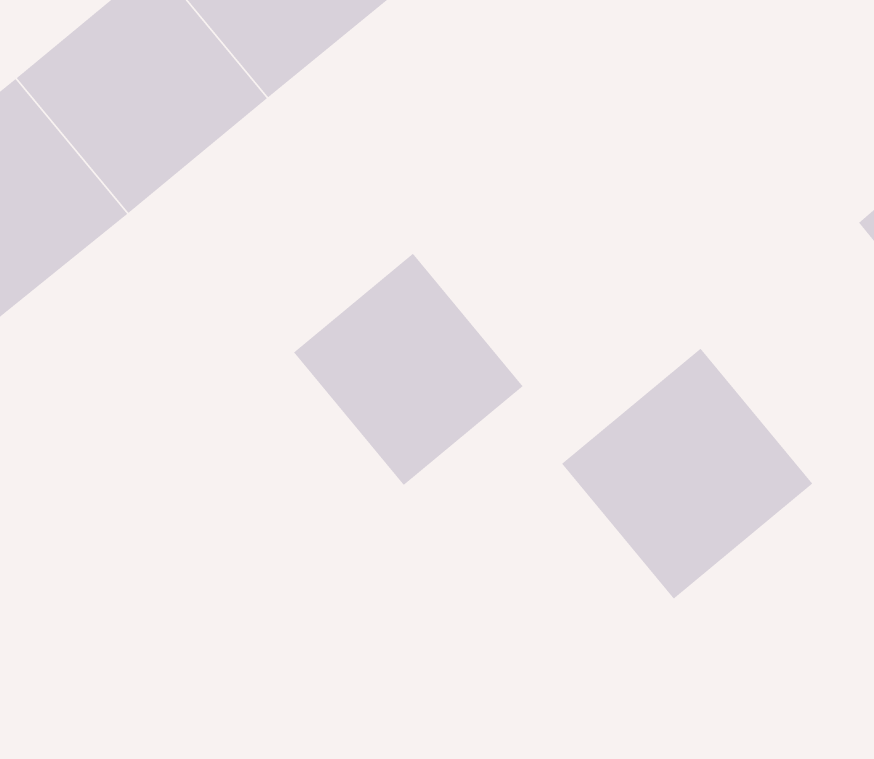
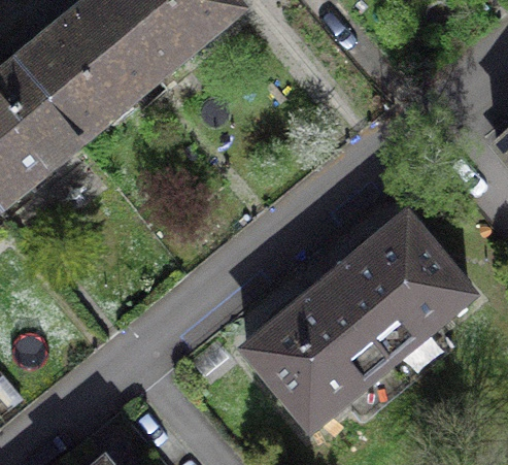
building: [293,253,524,486] -> none
building: none -> [245,284,390,427]

